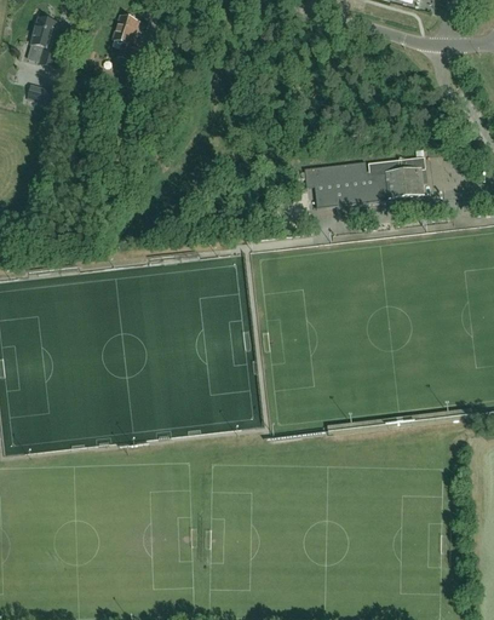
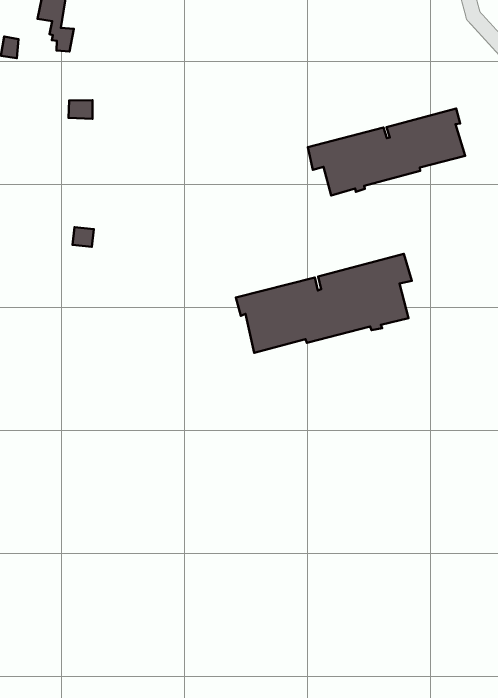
building: none -> [236,254,412,353]

